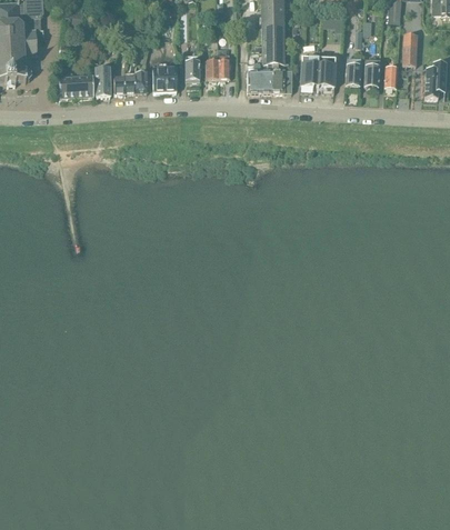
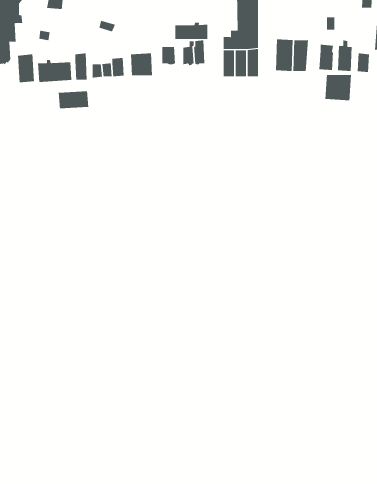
building: none -> [175,22,208,40]
building: none -> [17,54,35,83]
building: none -> [325,74,351,101]
building: none -> [58,90,89,109]

